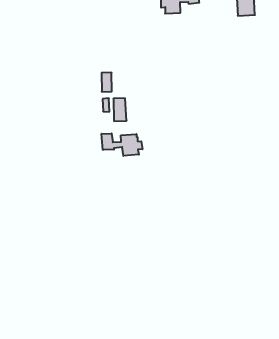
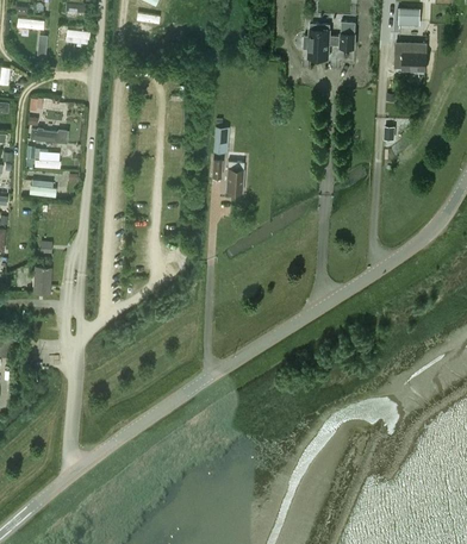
building: [102,133,142,156] -> none

